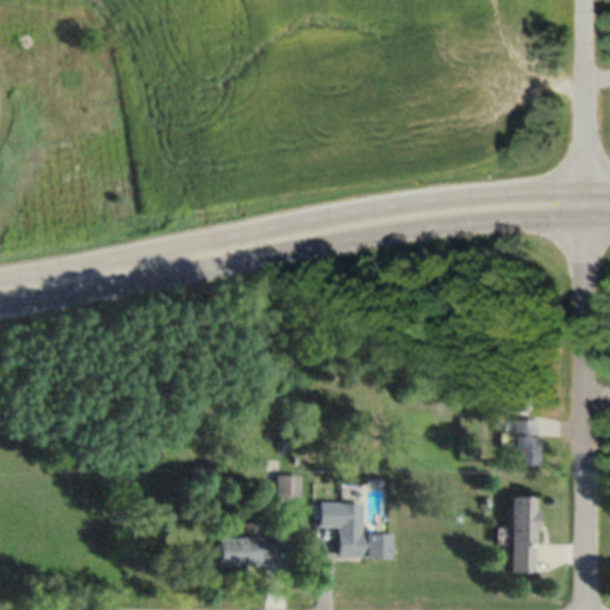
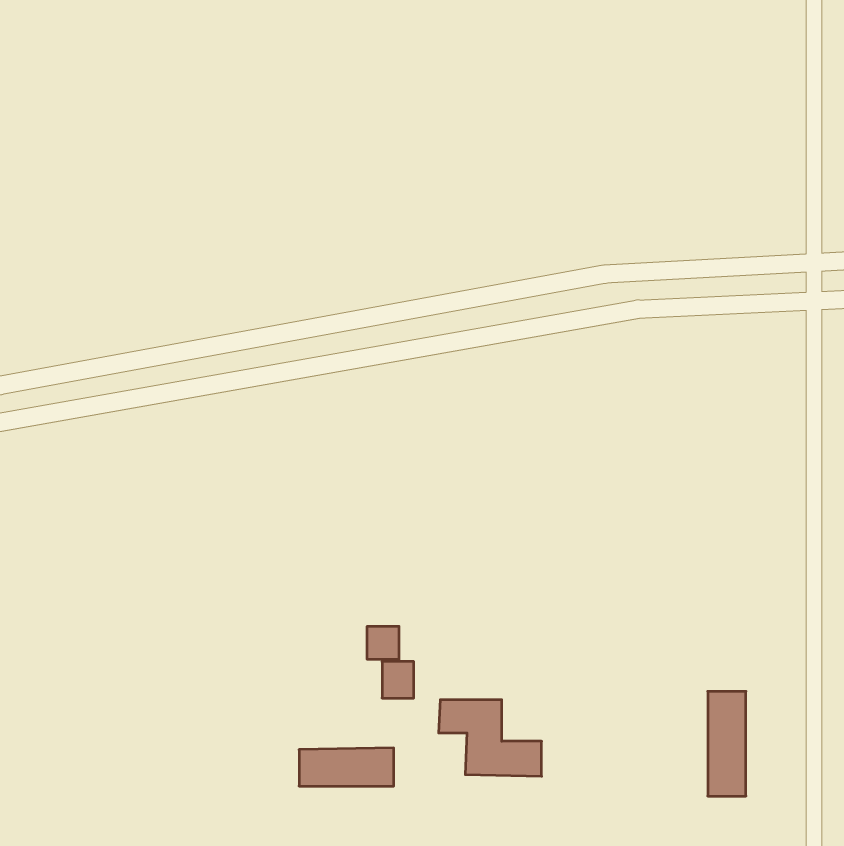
building: [516,419,540,465] -> none
building: none -> [367,626,399,659]

